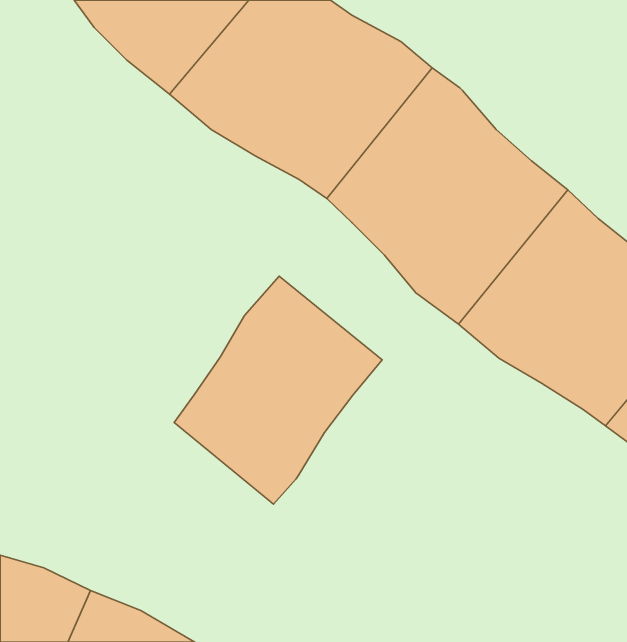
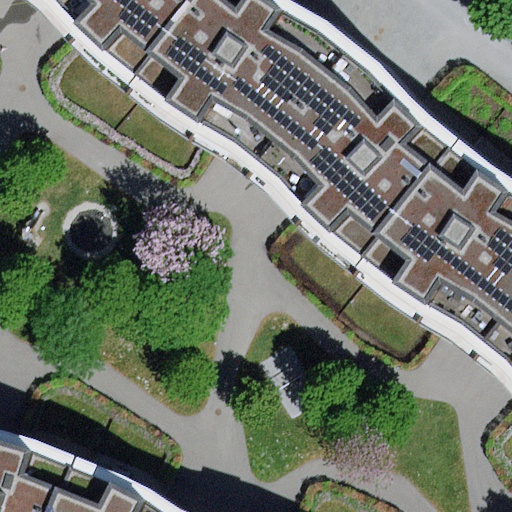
building: [174,276,382,504] -> none

